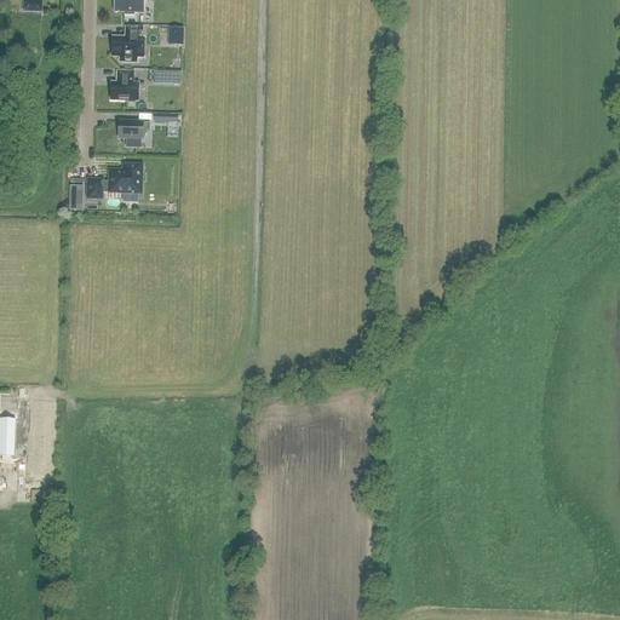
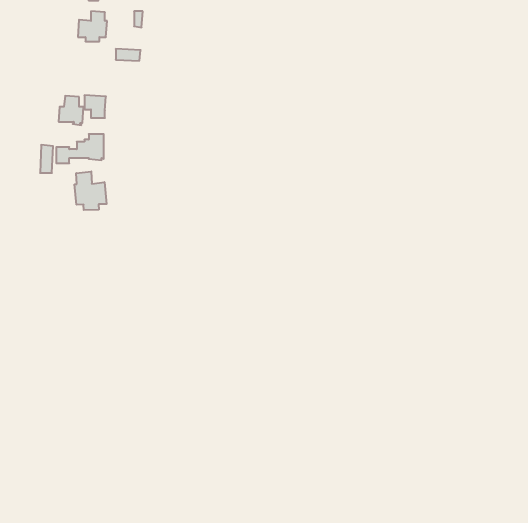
building: [110,69,138,102] -> [59,96,83,125]
building: none -> [75,171,107,210]

